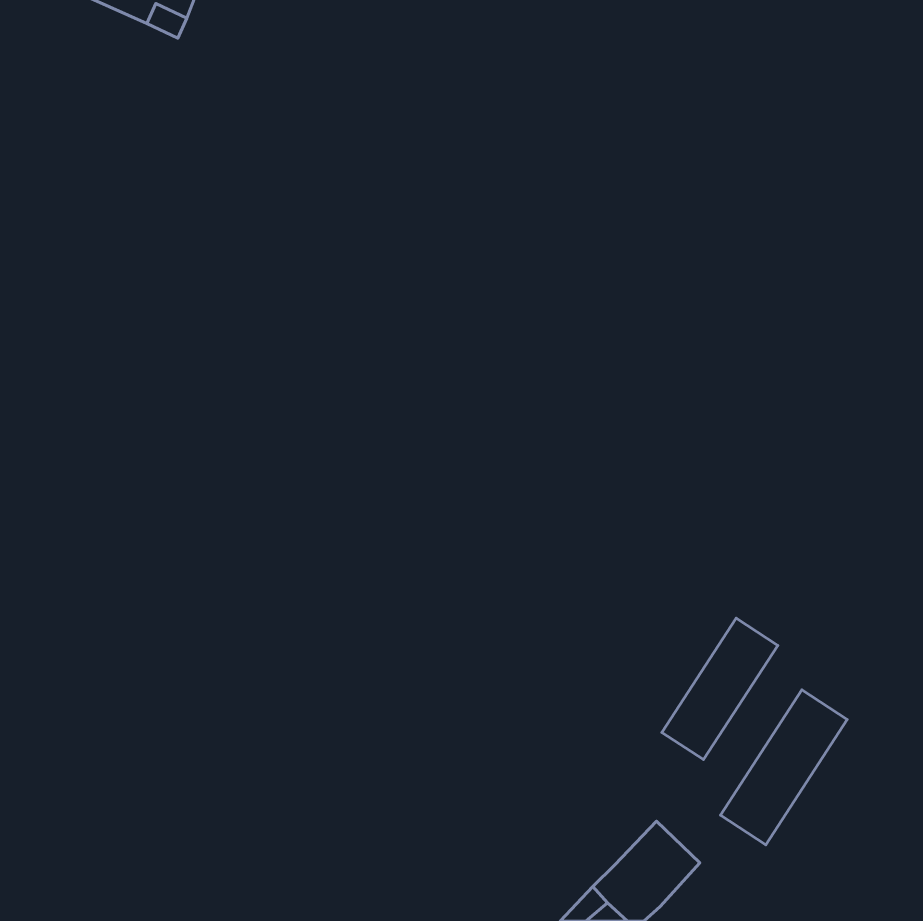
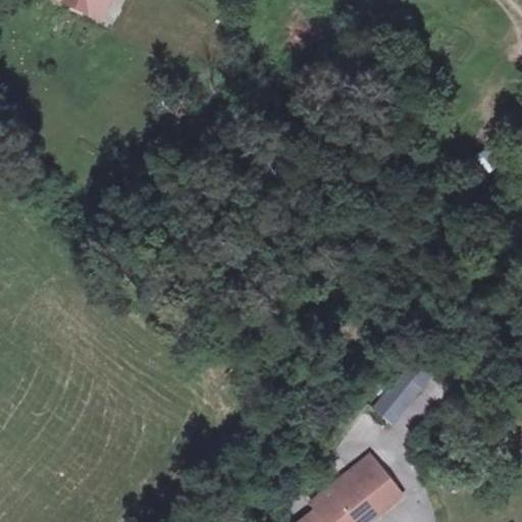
building: [720,690,847,845] -> none

